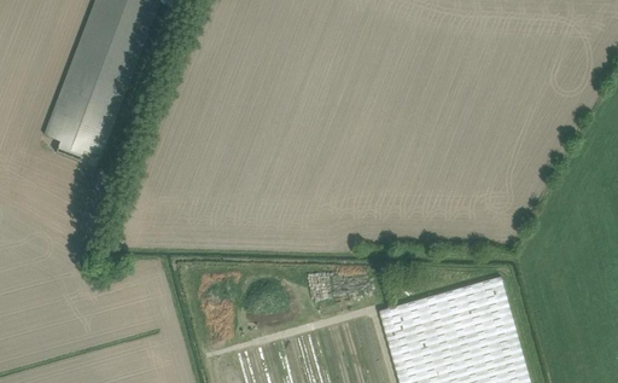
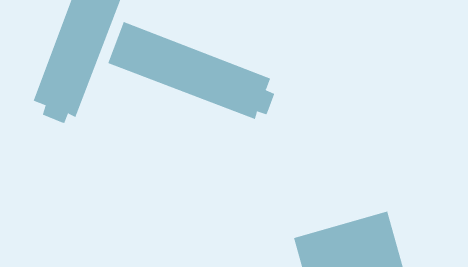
building: none -> [107,21,275,120]

